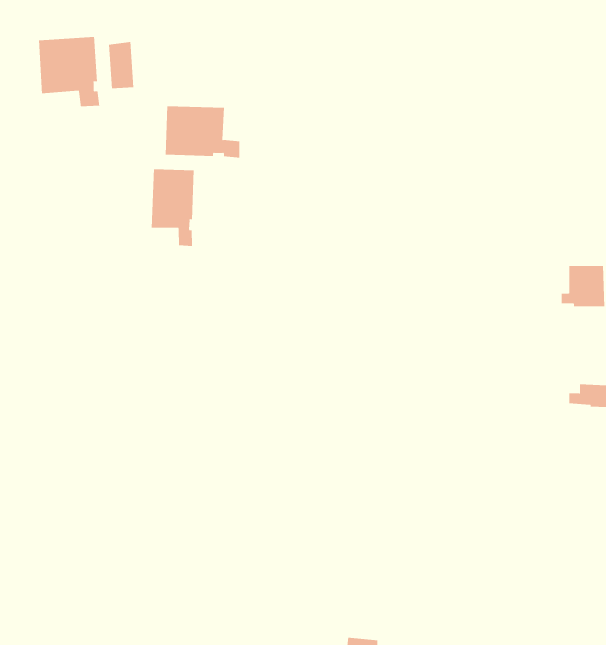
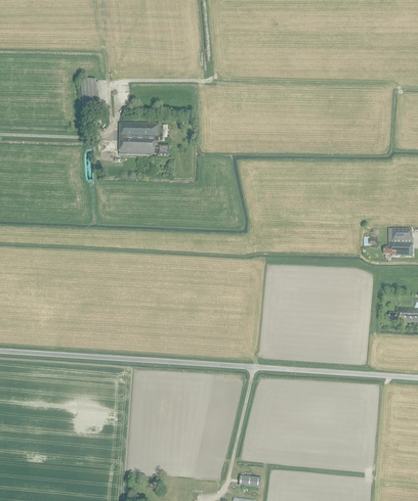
building: [38,36,100,107] -> none
building: [151,169,194,247] -> none

